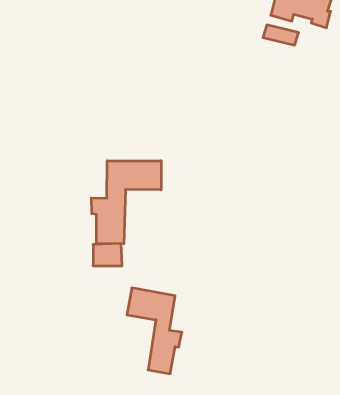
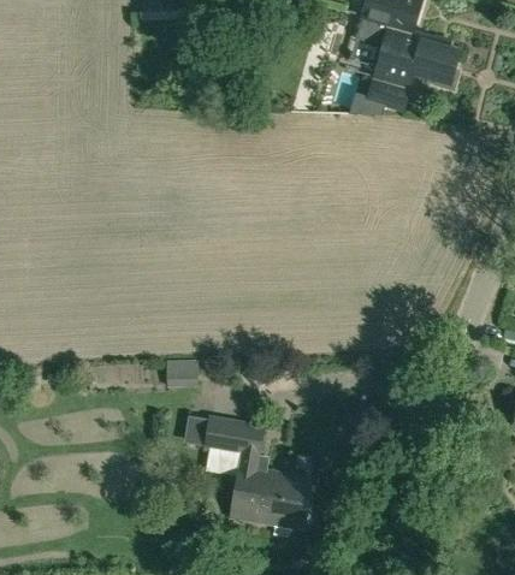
building: [91,161,161,244] -> none
building: none -> [256,470,308,529]

